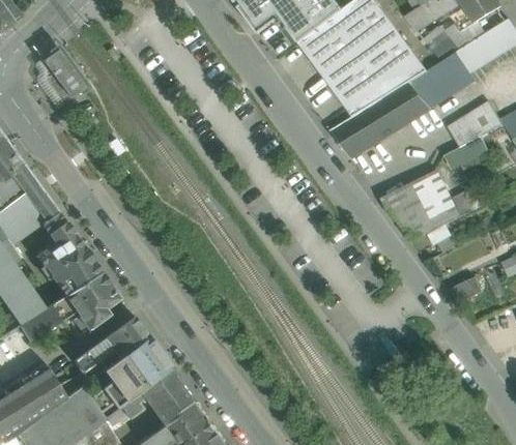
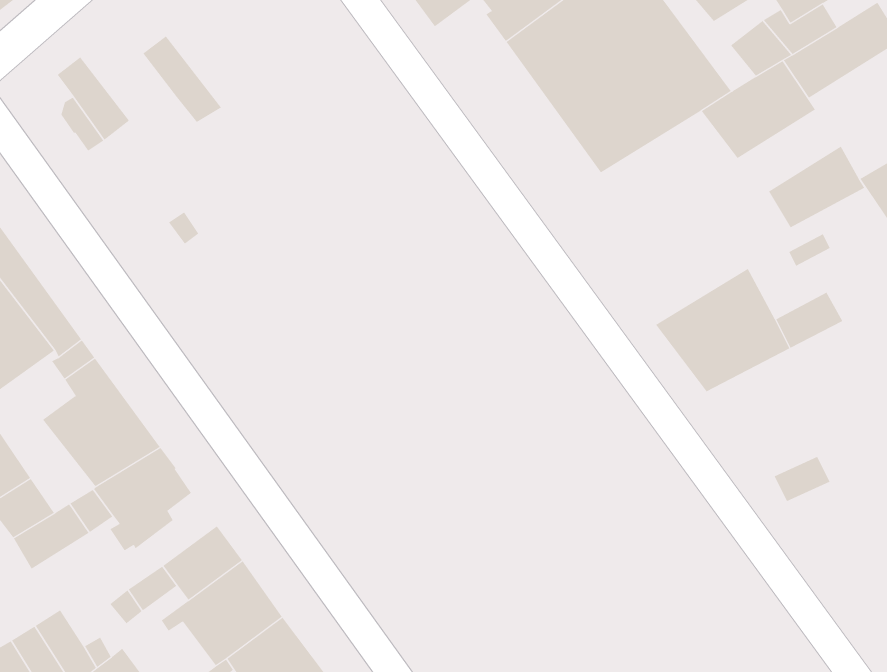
building: none -> [143,35,222,123]
building: [329,82,430,158] -> none

